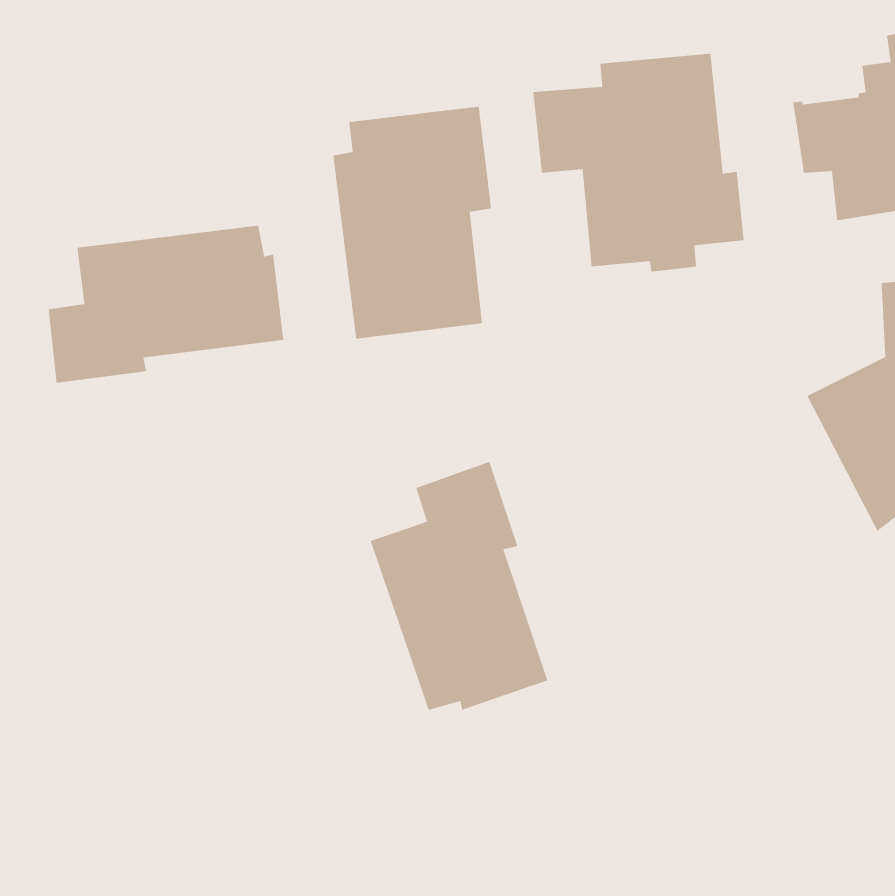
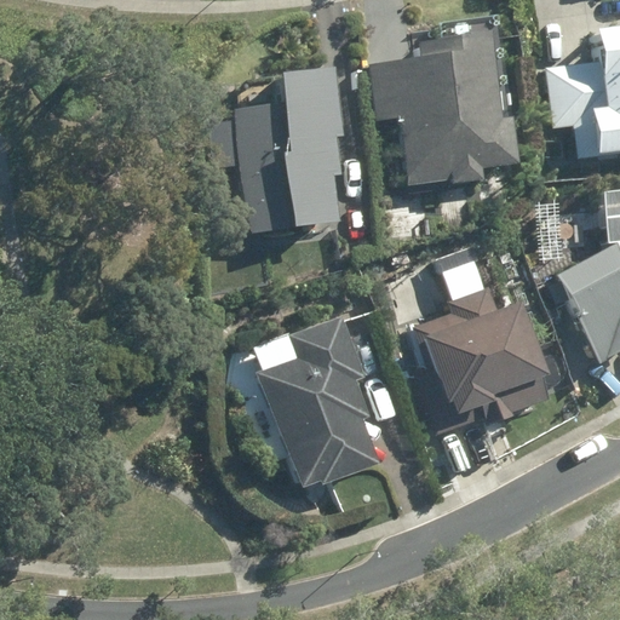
building: [48,225,284,384] -> none
building: none -> [418,291,541,425]

